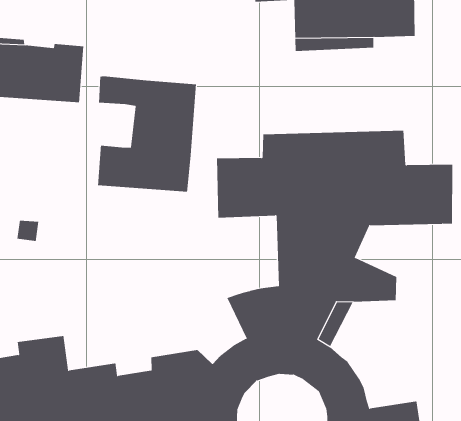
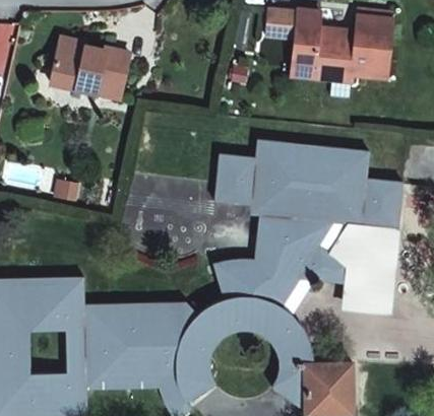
building: [98,75,196,192] -> none
building: none -> [318,222,389,315]

